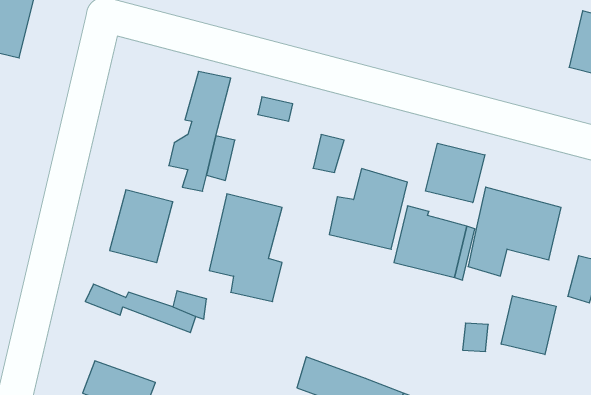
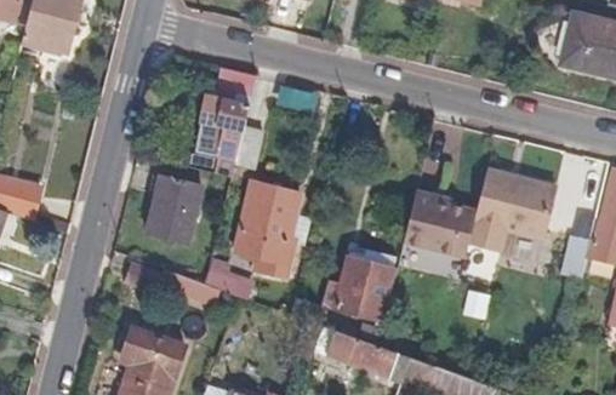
building: [426,143,485,203] -> none
building: [329,169,407,249] -> [319,244,389,316]
building: [501,296,556,355] -> none

